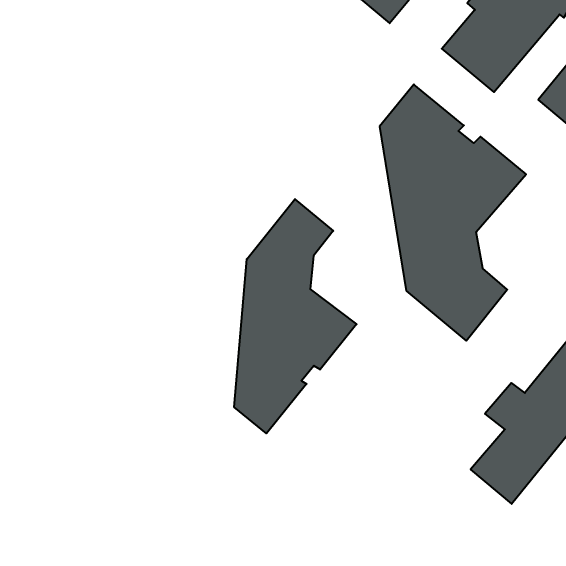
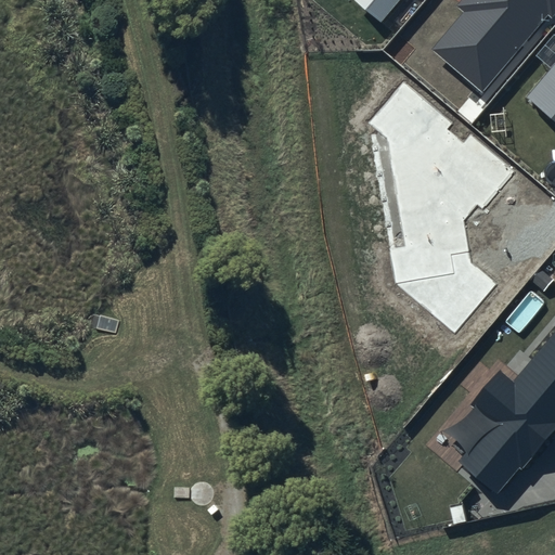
building: [234,199,357,433] -> none

